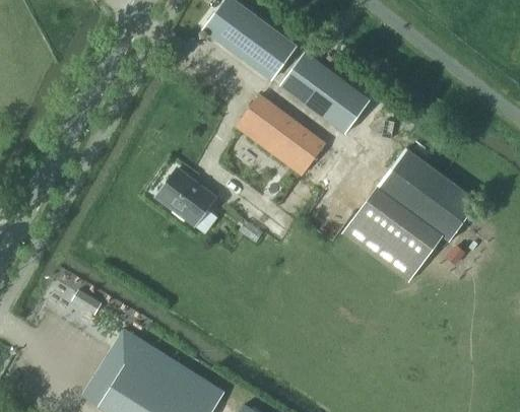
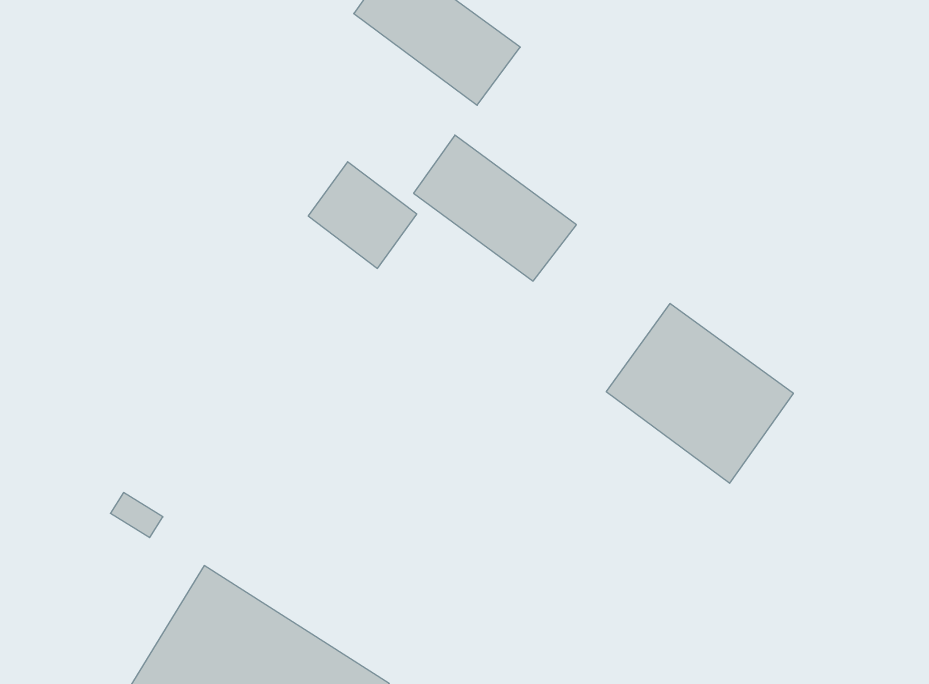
building: [280,52,371,133] -> none
building: [377,149,480,243] -> none
building: [157,168,216,226] -> [308,162,417,268]

